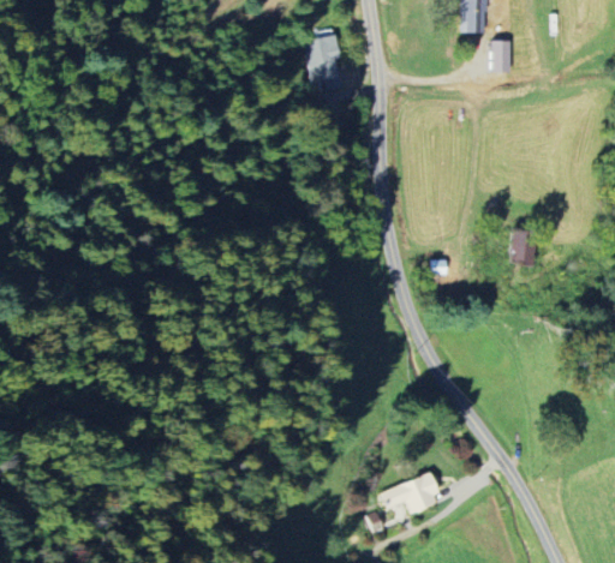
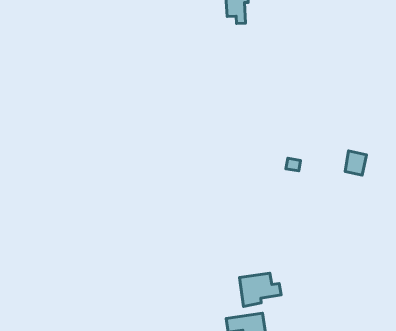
building: [491,40,510,72] -> none
building: none -> [239,273,281,306]

